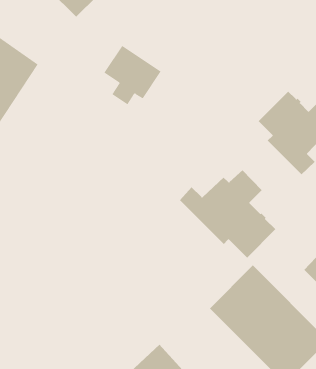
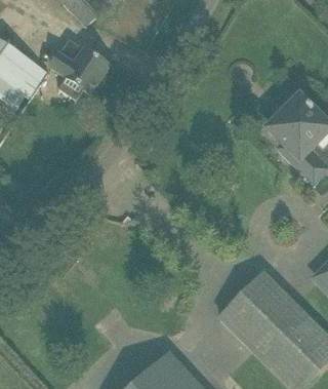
building: [104,45,161,105] -> [50,38,109,99]
building: [179,169,276,258] -> none

